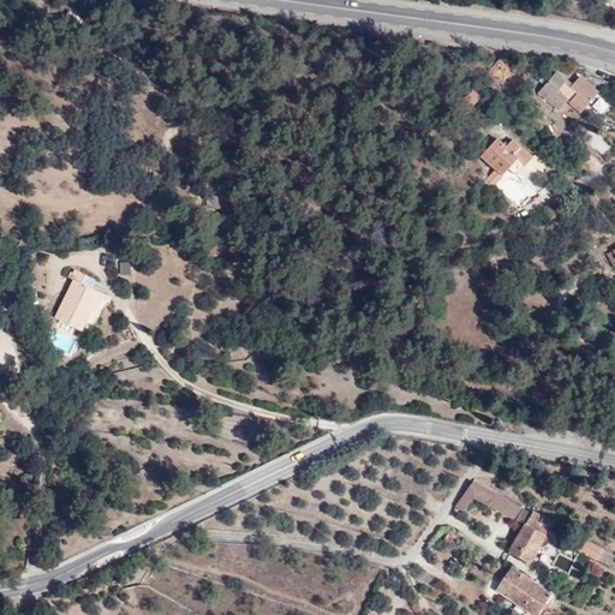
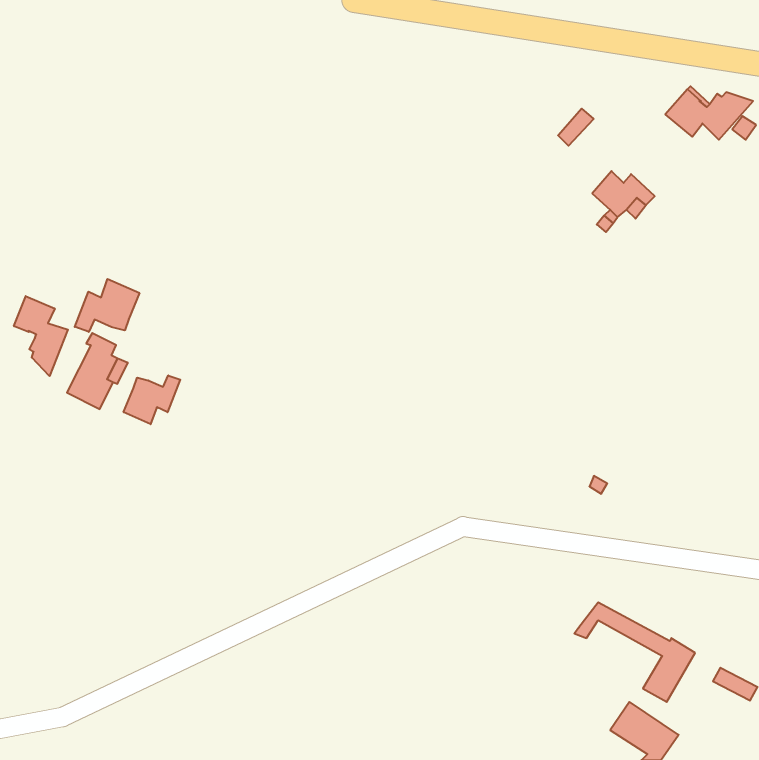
building: none -> [75,279,139,332]
building: none -> [14,296,68,376]
building: none -> [124,375,180,424]

